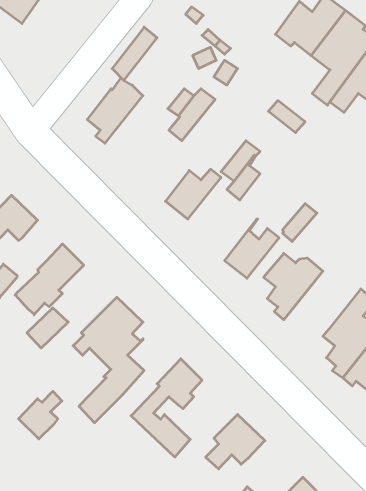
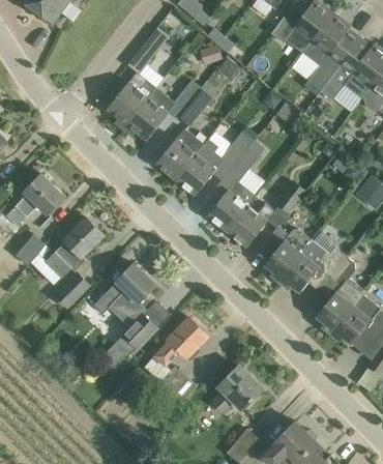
building: none -> [122,87,175,140]
building: none -> [155,126,207,179]
building: none -> [207,179,255,231]
building: none -> [278,240,346,292]
building: [19,391,62,439] -> none

